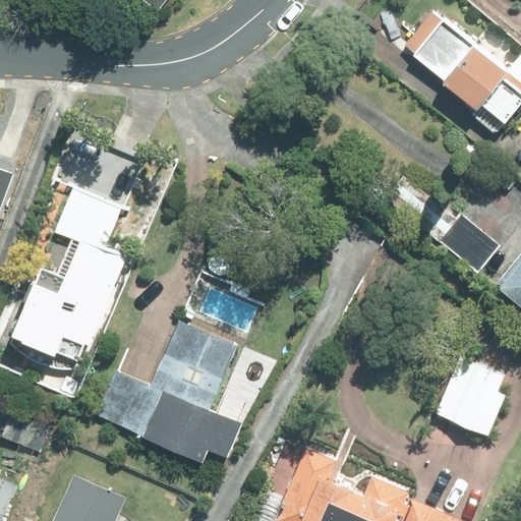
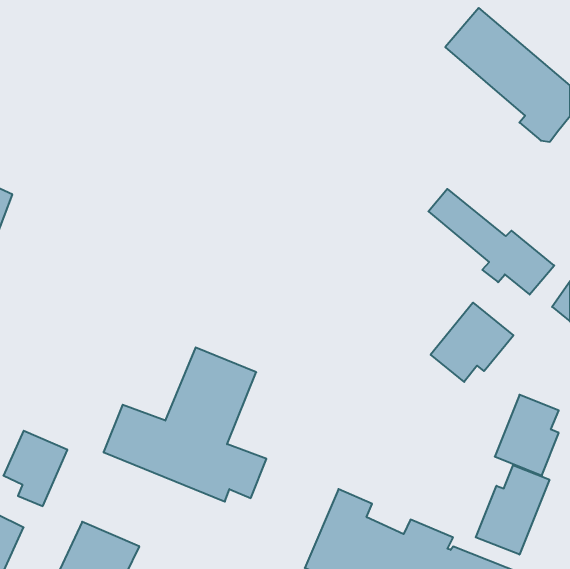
building: [15,187,127,351] -> none
building: none -> [431,303,513,382]
building: none -> [476,465,549,555]

